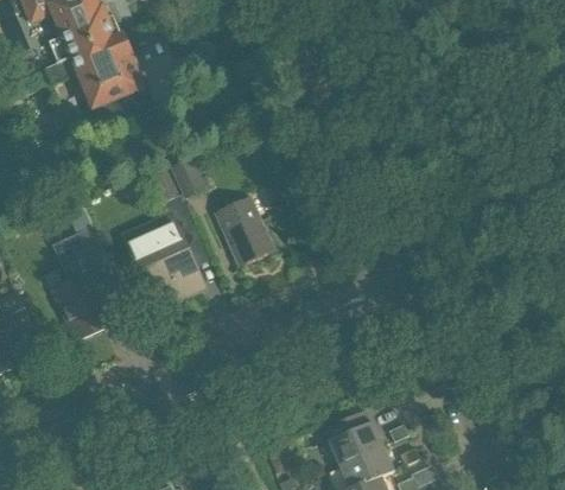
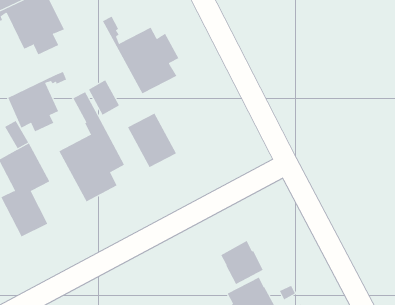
building: none -> [102,16,179,94]
building: none -> [7,71,67,132]
building: none -> [221,240,263,285]

